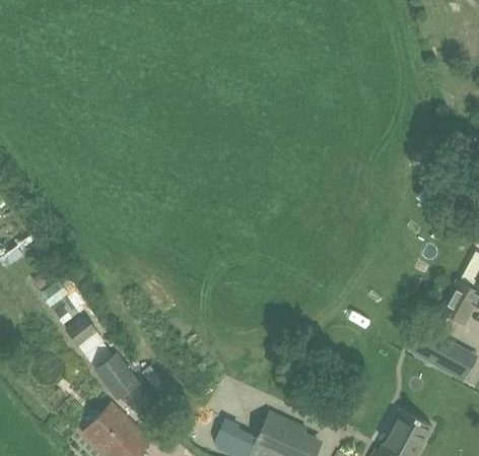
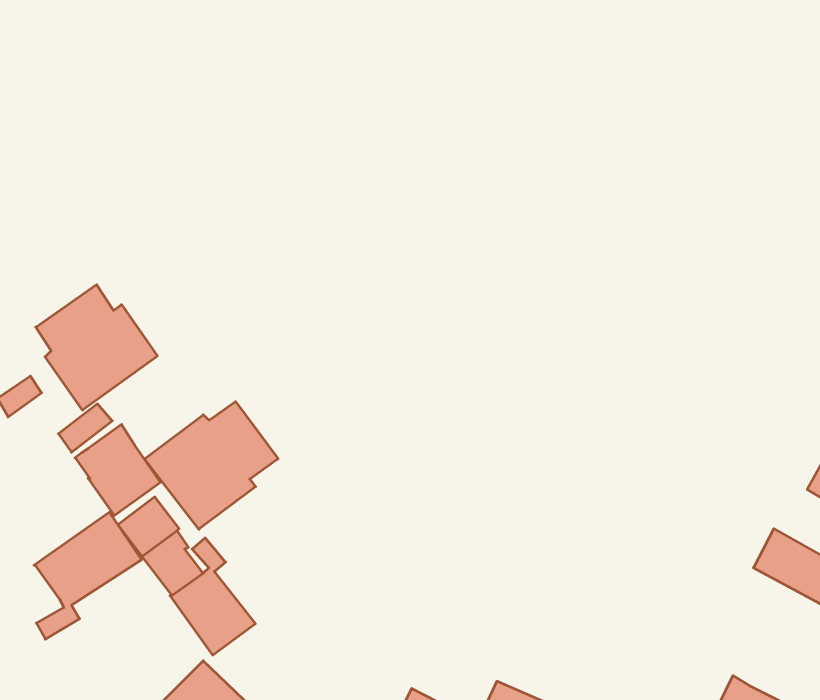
building: none -> [36,285,157,410]
building: none -> [144,402,278,529]
building: none -> [34,512,141,639]

